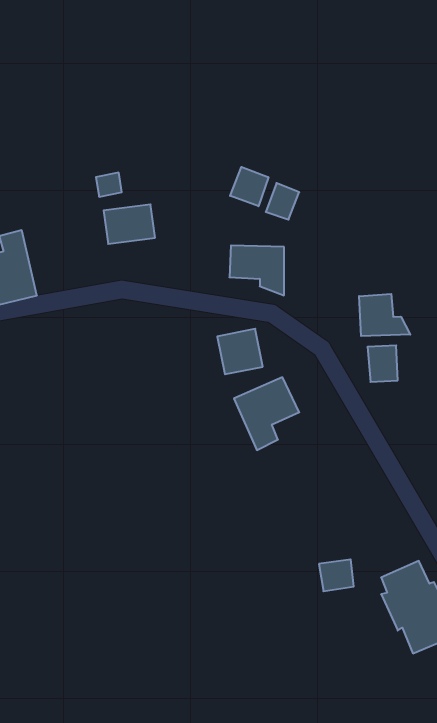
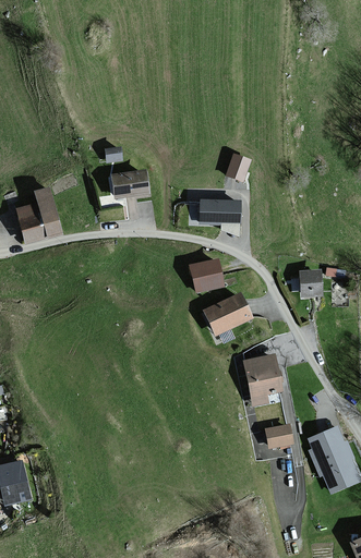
building: [230,167,268,206] -> none
building: [359,294,410,336] -> none
building: none -> [243,353,281,404]

